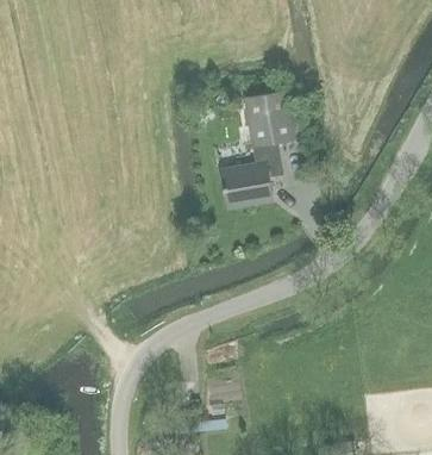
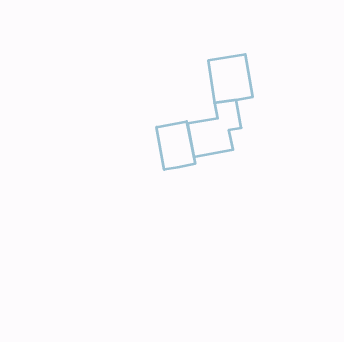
building: none -> [157,121,195,170]

